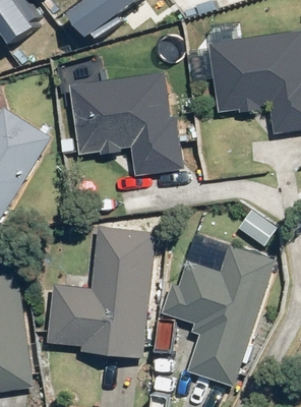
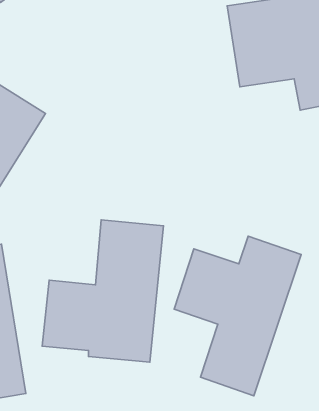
building: [70,73,183,174] -> none

